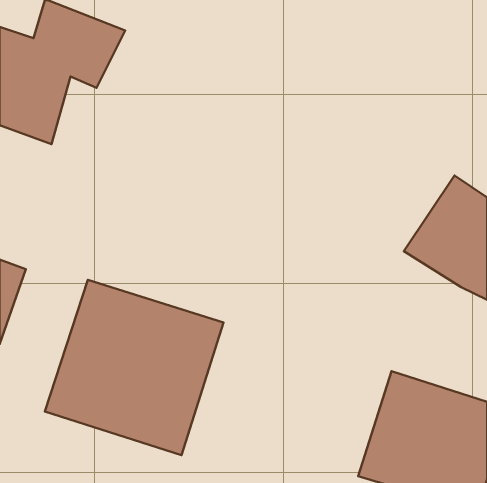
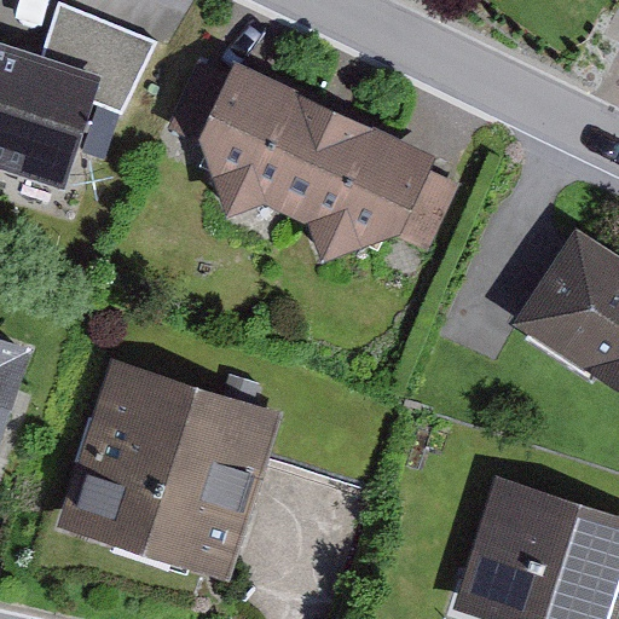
building: none -> [197,58,458,261]

